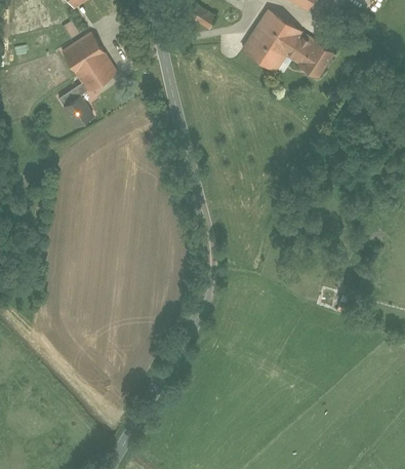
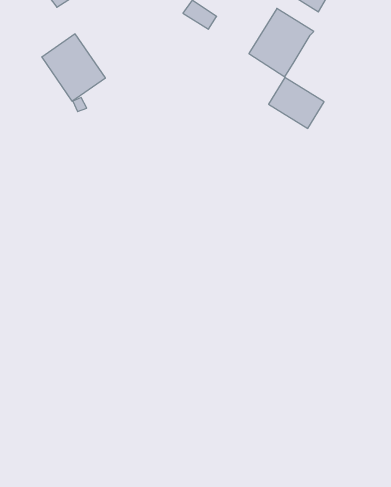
building: [284,32,333,77] -> [269,78,324,128]
building: [62,94,94,127] -> none

